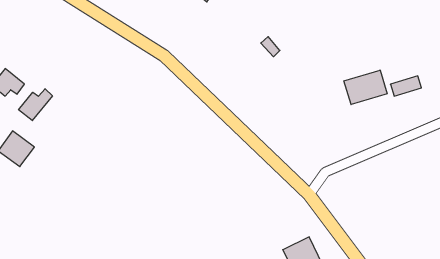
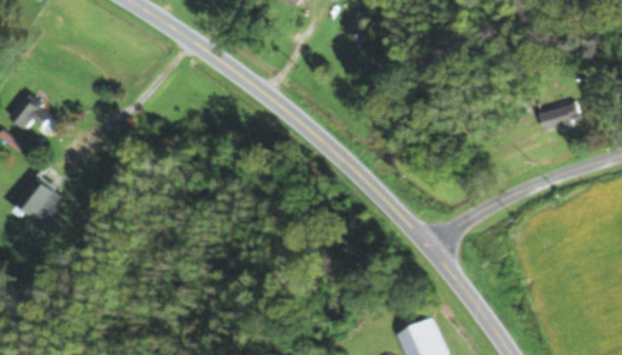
building: [344,70,387,105] -> none
building: [19,89,52,121] -> none

